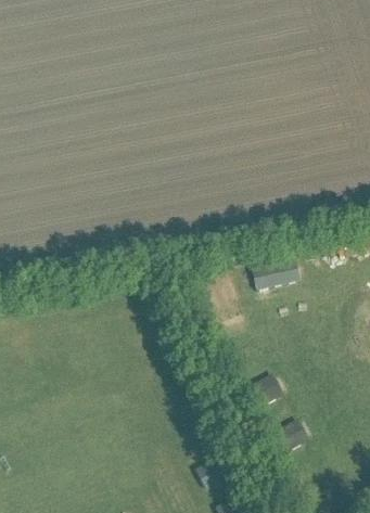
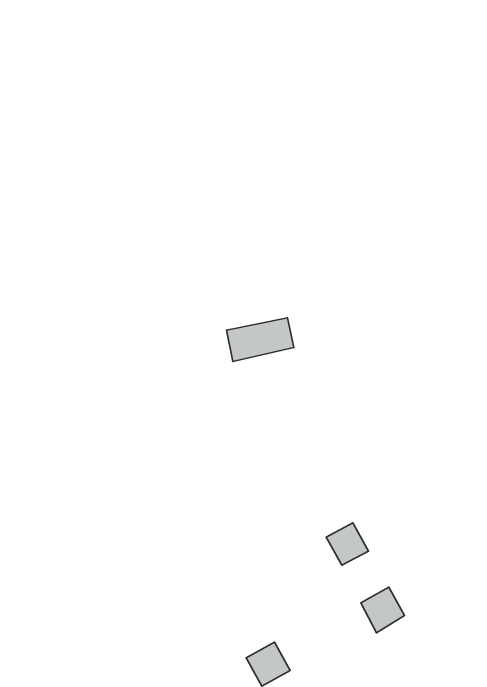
building: [253,259,299,290] -> [226,318,294,362]

